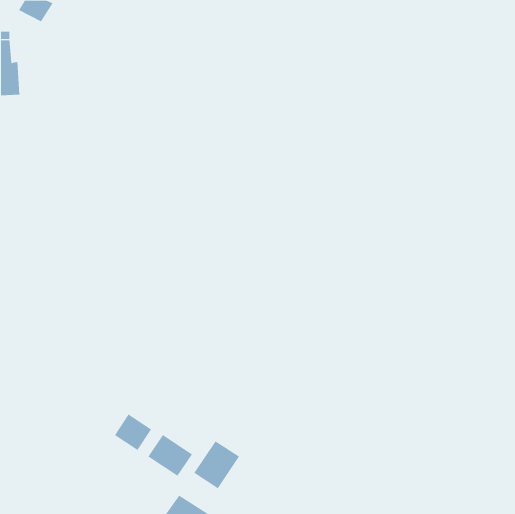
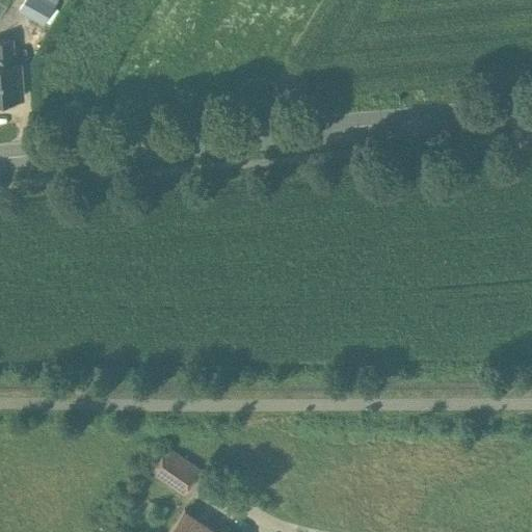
building: [114,414,152,451] -> none
building: [193,440,240,489] -> none

